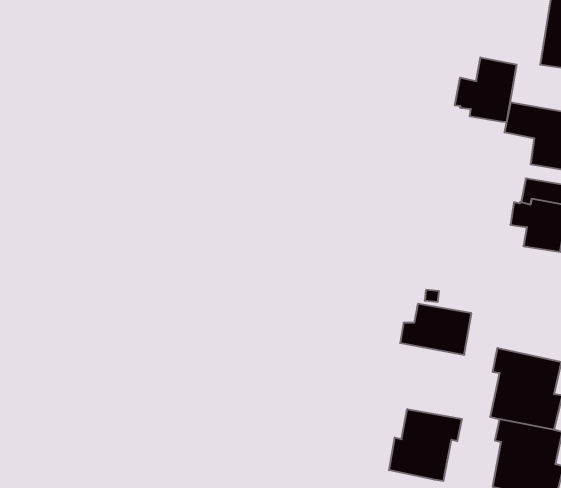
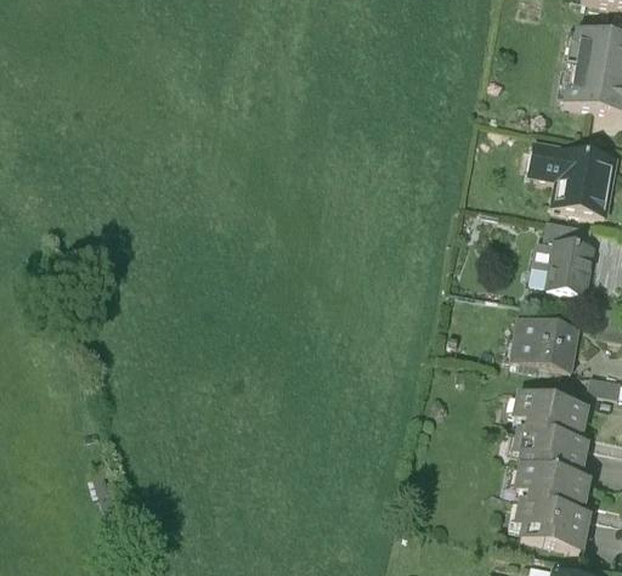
building: [455,57,517,122] -> none
building: [400,304,471,355] -> [507,318,579,371]
building: [389,409,462,481] -> none

